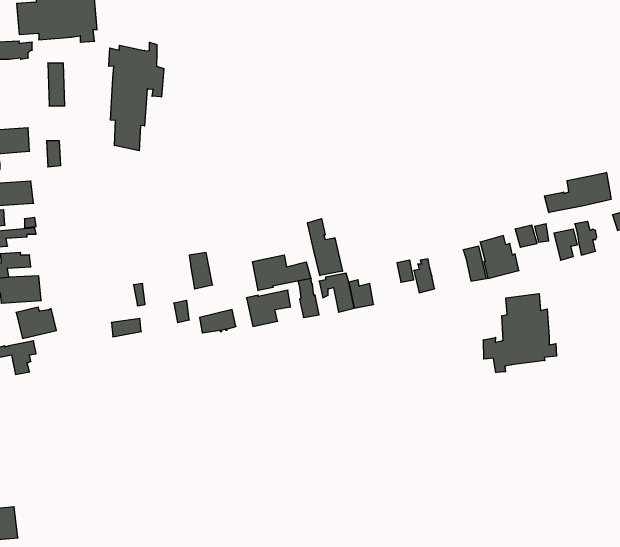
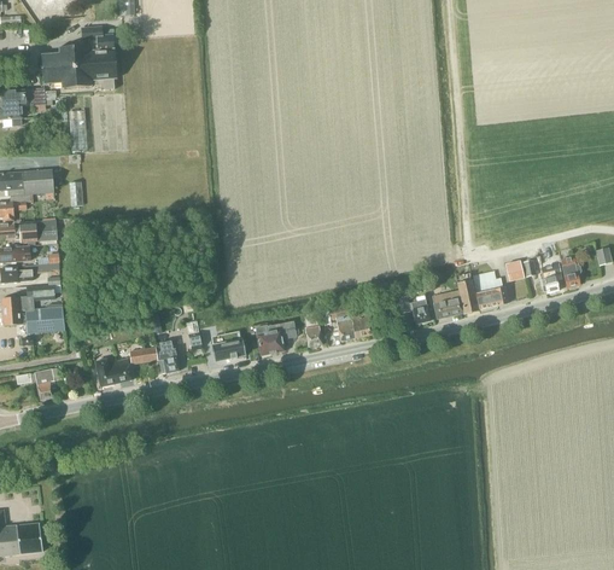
building: [109,42,164,151] -> none
building: [544,172,611,213] -> none
building: [308,219,343,276] -> none
building: [189,253,213,289] -> [157,339,179,373]
building: [253,255,311,291] -> none
building: none -> [432,290,463,318]
building: [483,294,557,373] -> none
building: [16,307,56,338] -> [94,356,131,385]

